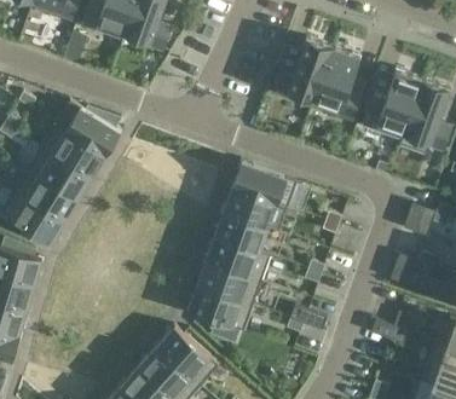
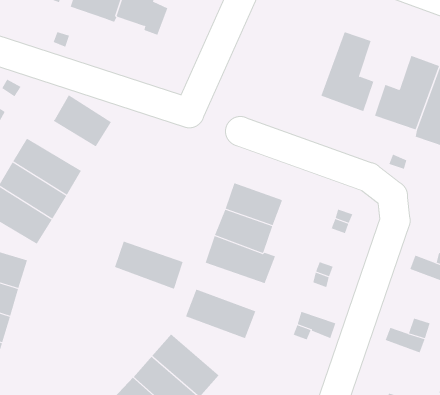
building: [270,37,334,108] -> none
building: [41,123,105,177] -> none
building: [232,161,298,208] -> none
building: [197,261,261,306] -> [114,241,184,289]

